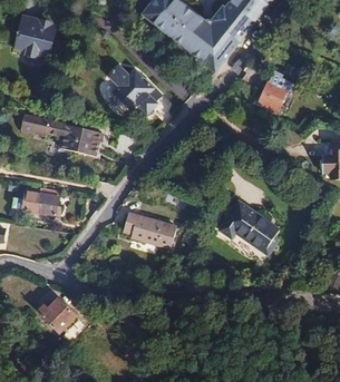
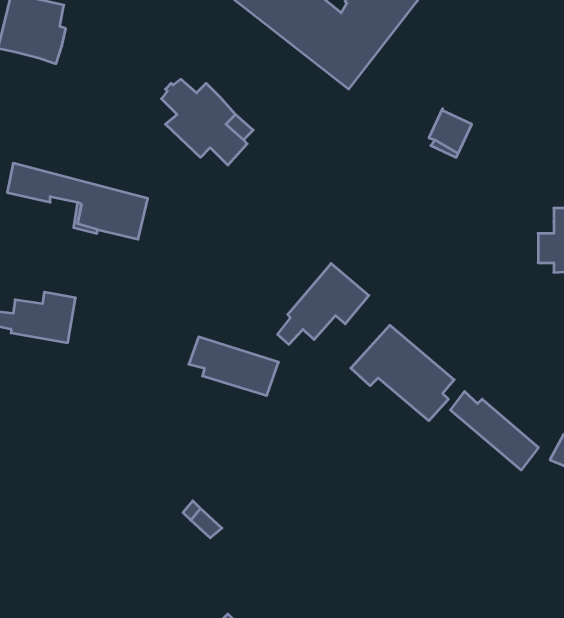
building: none -> [278,263,369,344]
building: none -> [450,391,538,470]
building: [40,297,76,330] -> none

